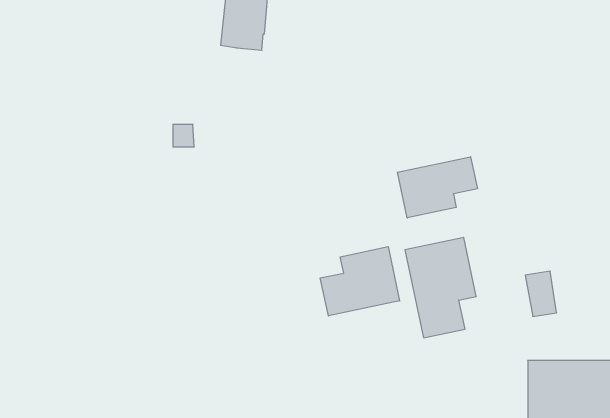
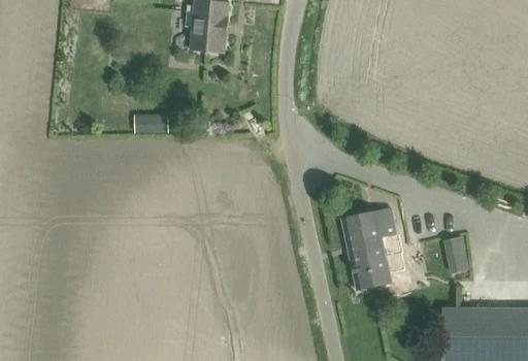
building: [397,157,477,218] -> none
building: [320,247,400,316] -> none

